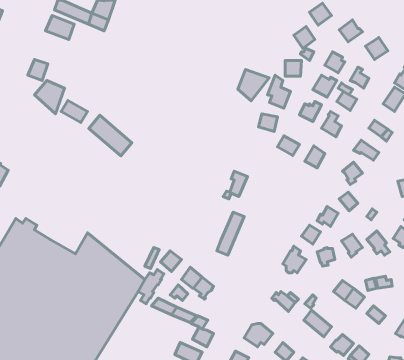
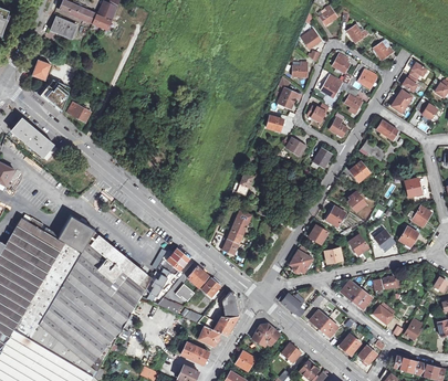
building: [238,70,269,101] -> none
building: [89,115,132,156] -> [11,116,54,157]
building: none -> [56,215,96,254]
building: none -> [213,292,238,336]

